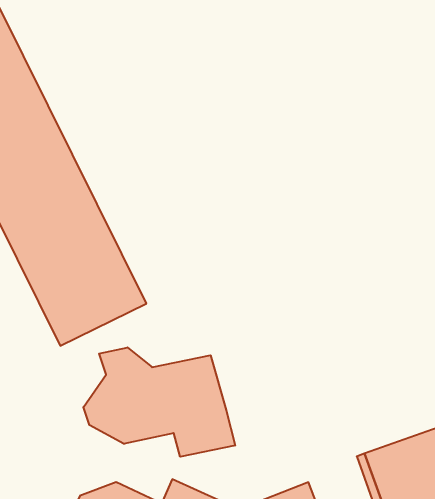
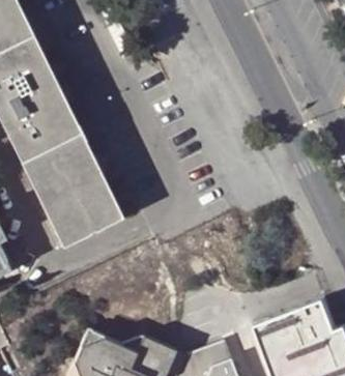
building: [83,347,235,457] -> none

